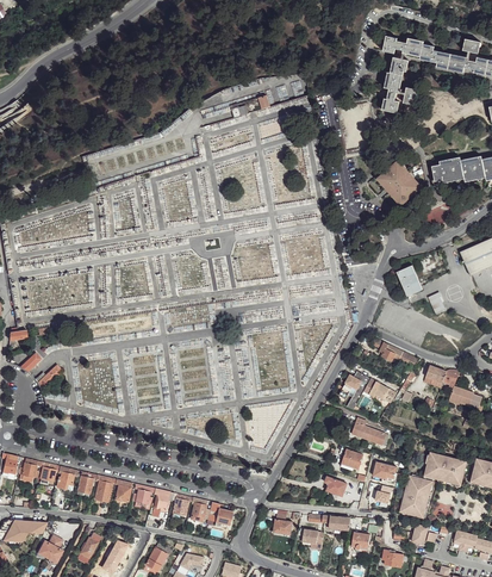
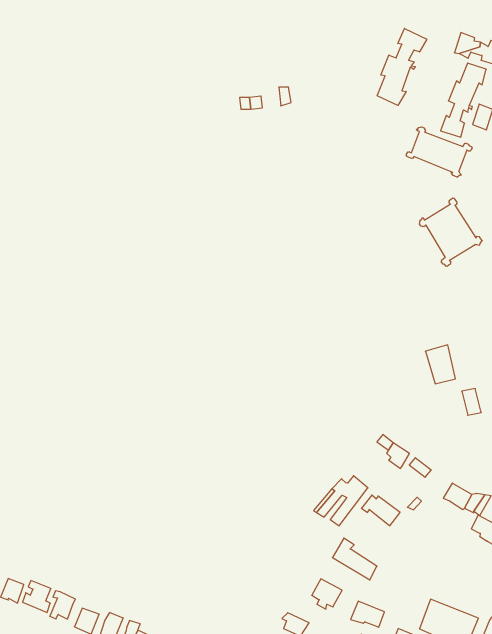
building: none -> [377,28,427,105]
building: none -> [406,127,472,177]

